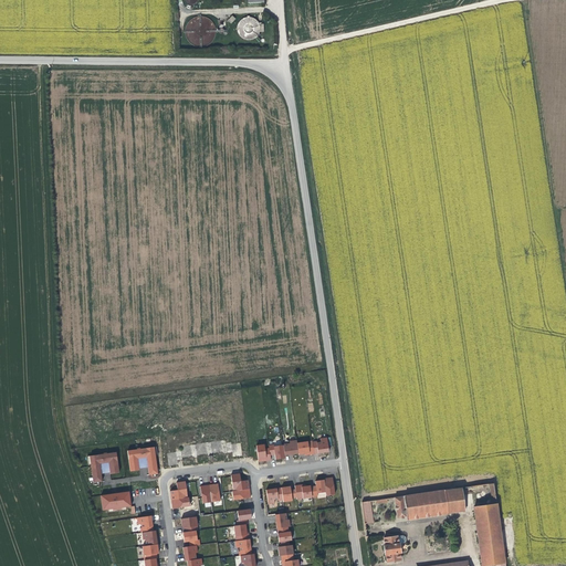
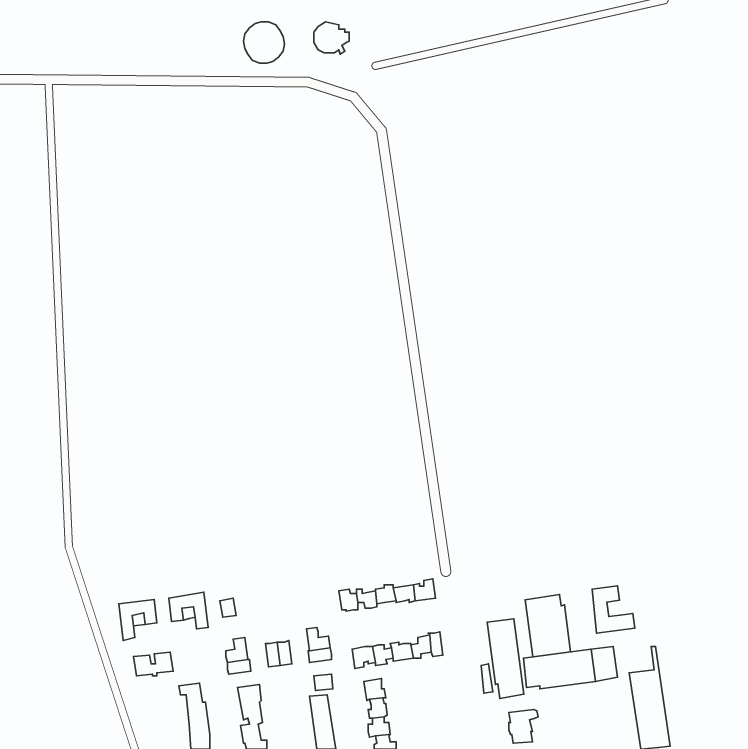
building: none -> [592,586,635,633]
building: none -> [525,595,571,657]
building: none -> [487,619,524,698]

